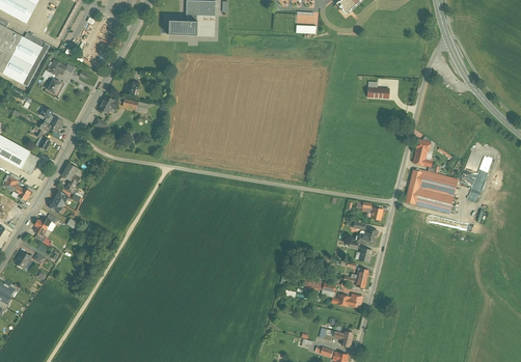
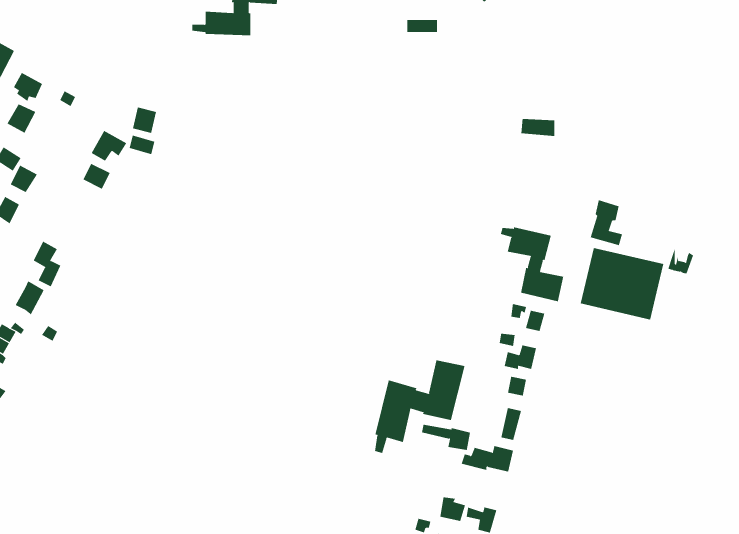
building: none -> [500,226,564,302]
building: none -> [374,359,465,454]

